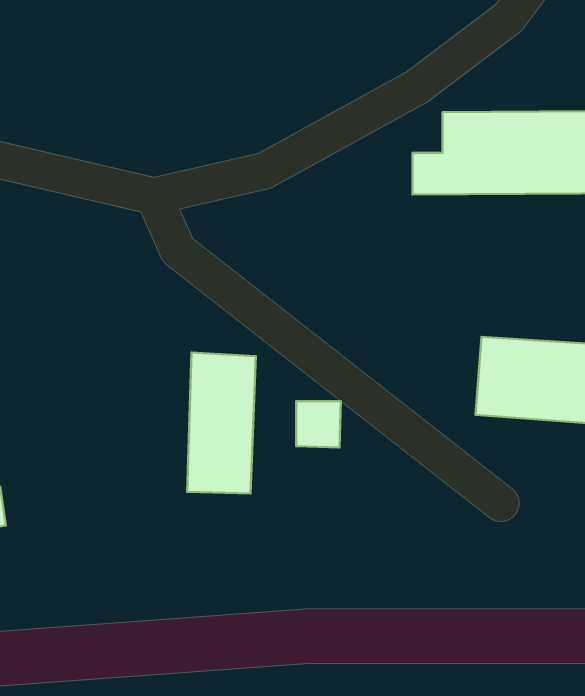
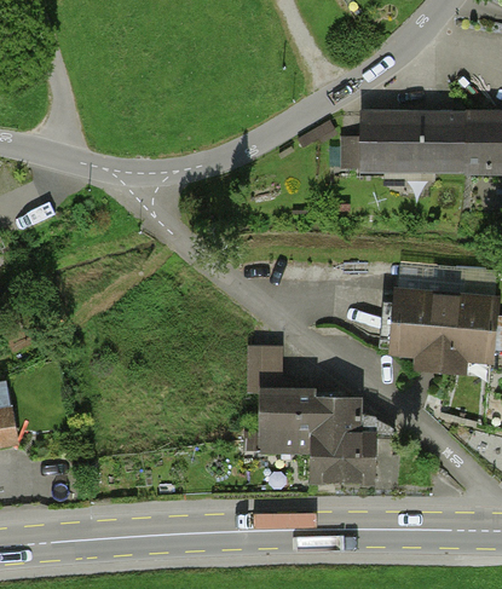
building: [187,353,256,494] -> none
building: none -> [260,387,373,484]

